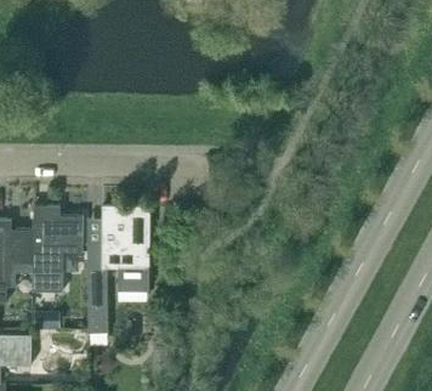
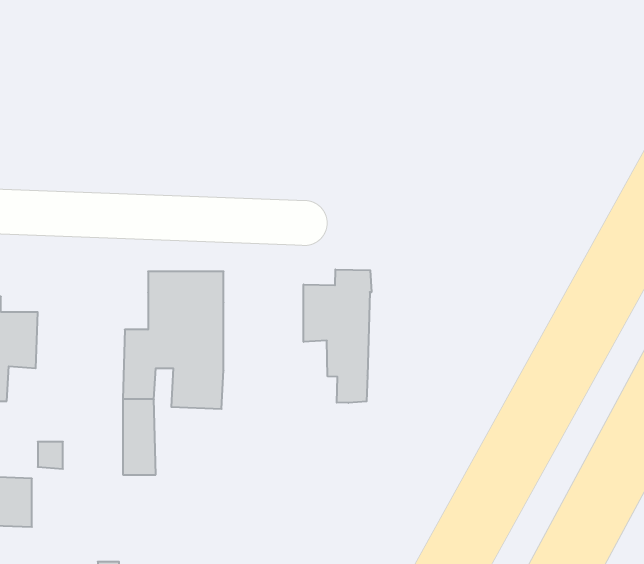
building: none -> [304,269,371,403]
building: [32,205,83,291] -> none

